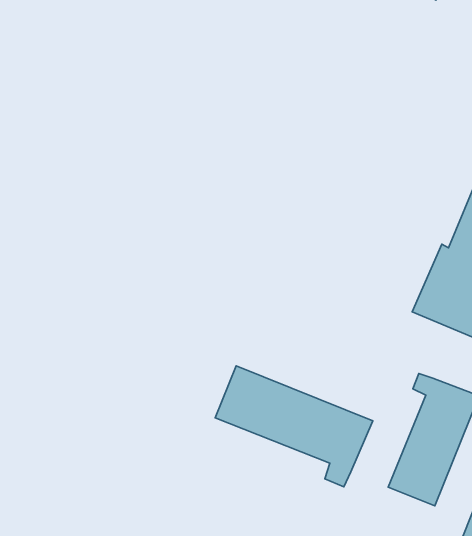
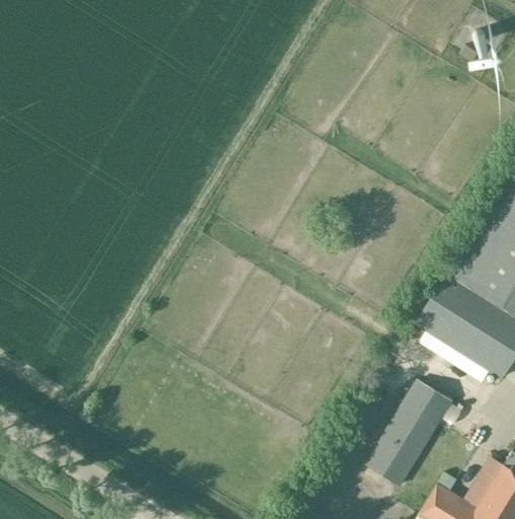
building: [215,366,373,487] -> none

